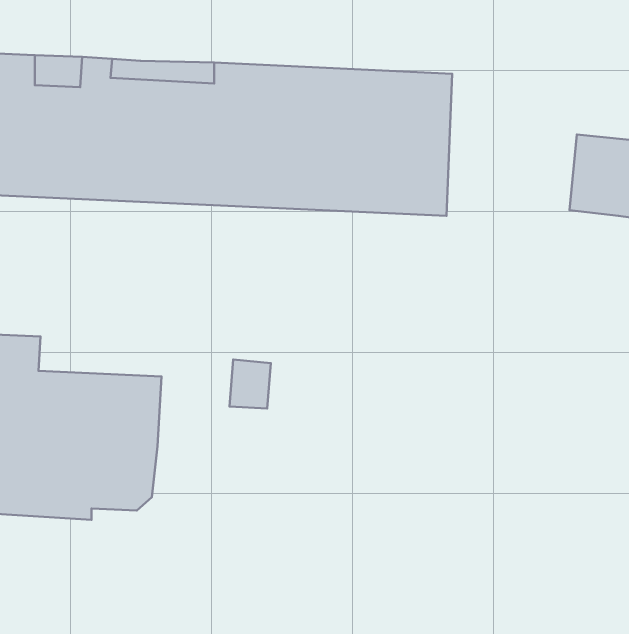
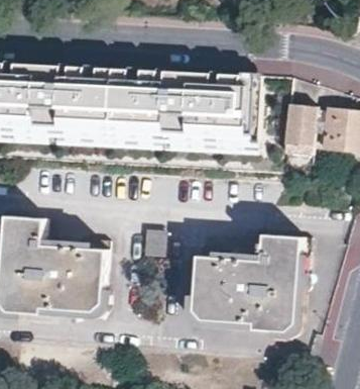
building: none -> [284,105,317,157]
building: none -> [193,230,307,328]

